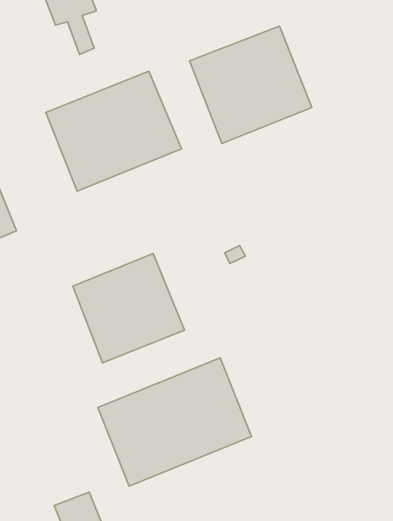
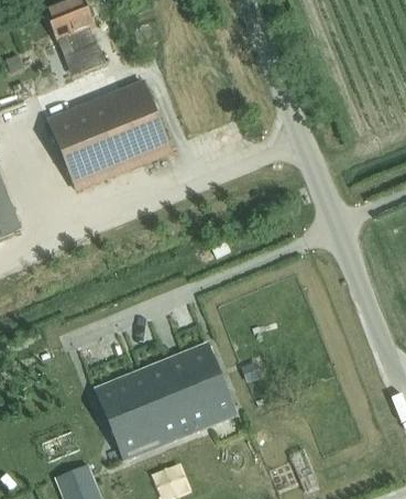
building: [190,26,312,143] -> none
building: [73,254,184,363] -> none

